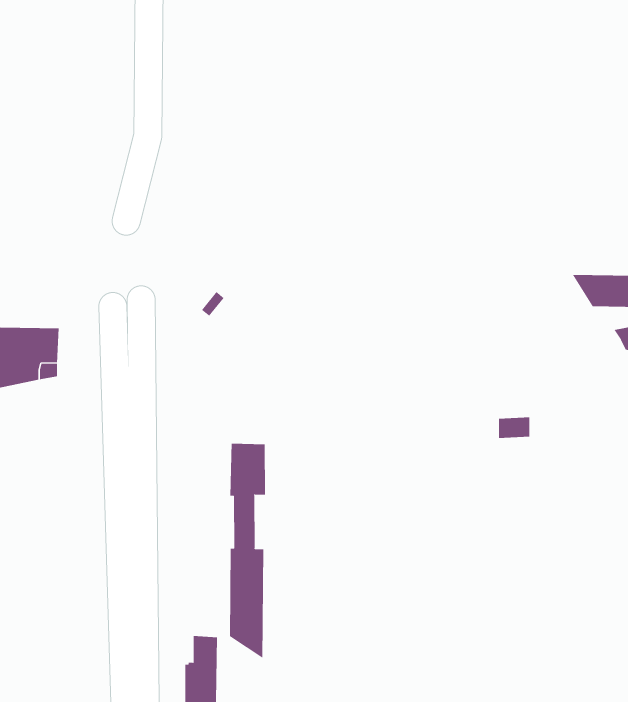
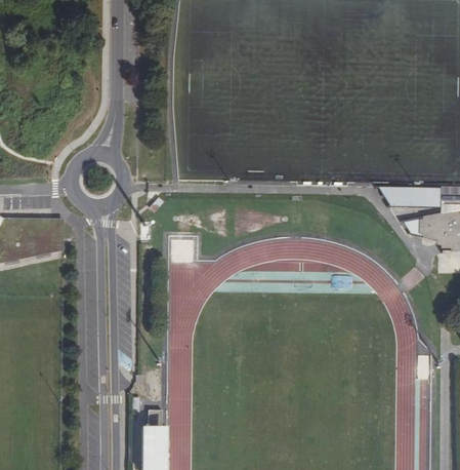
building: [230,443,265,659] -> none

